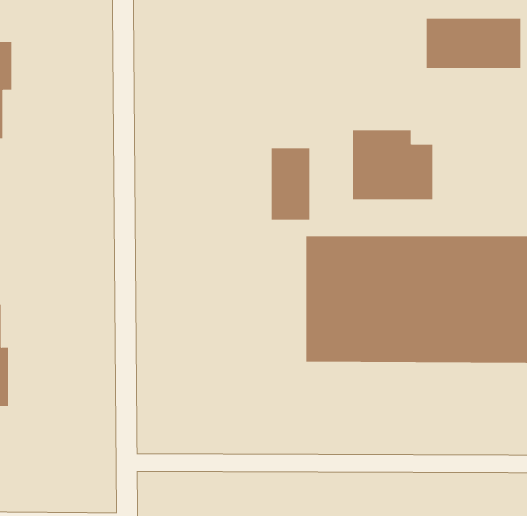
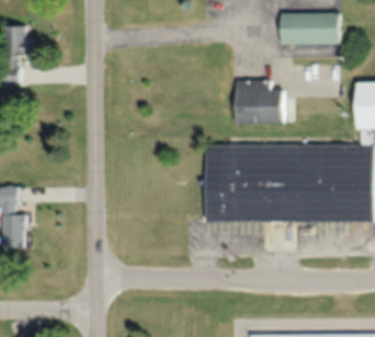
building: [271,148,310,220] -> none

